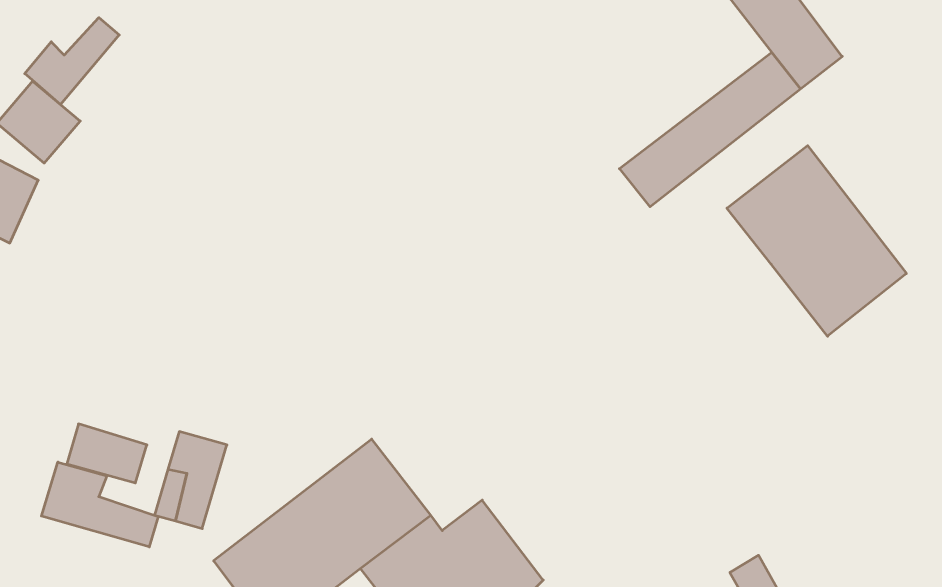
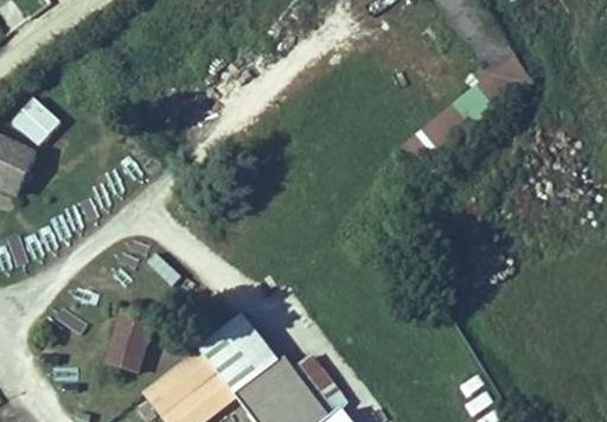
building: [25,18,119,105] -> none
building: [727,146,906,336] -> none
building: [41,462,158,547] -> none

